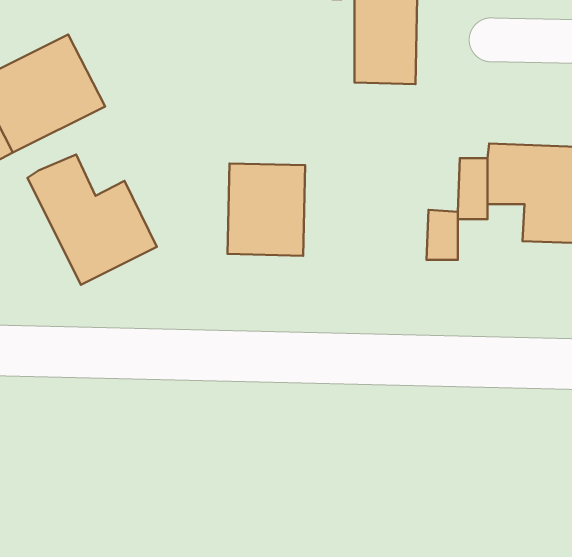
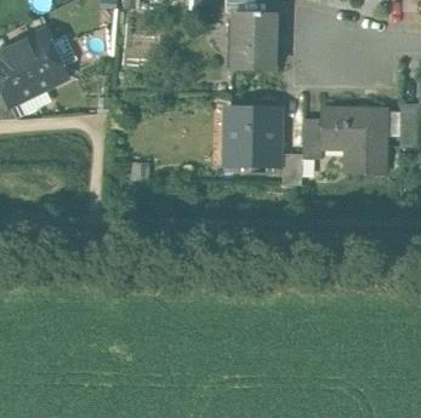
building: [28,154,157,285] -> none
building: [228,163,305,256] -> [227,104,278,165]

